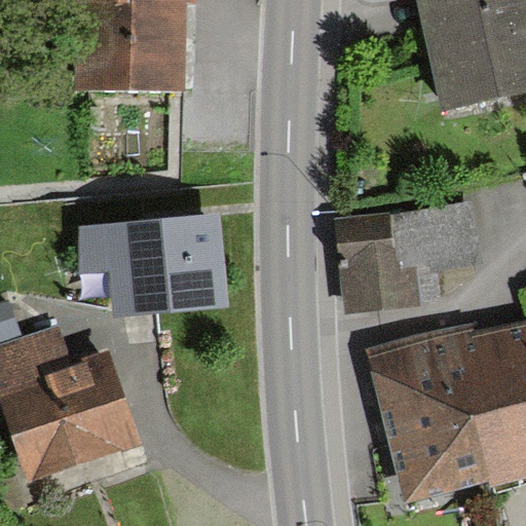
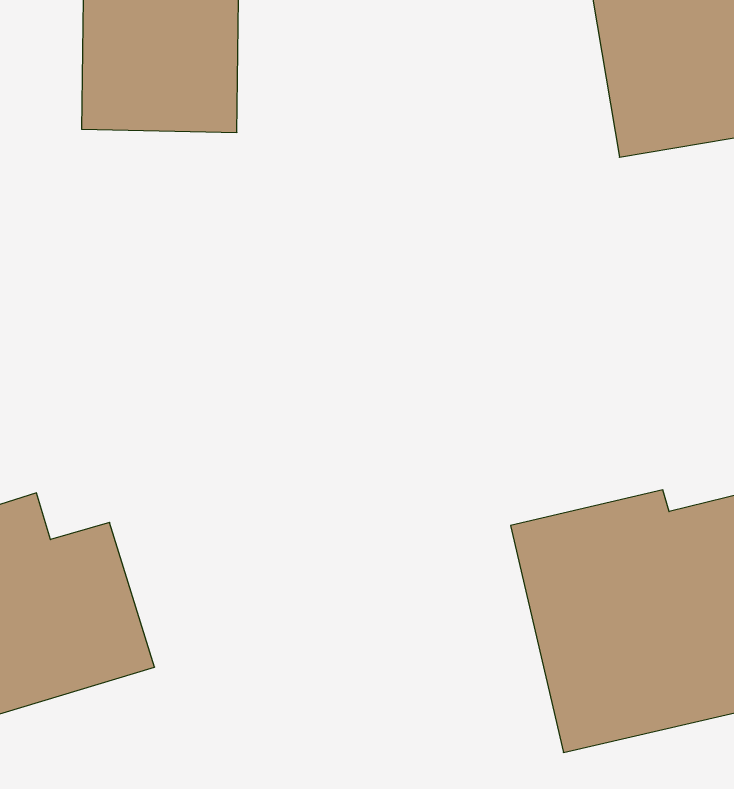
building: [340,200,476,300] -> none
building: [81,213,236,317] -> none

